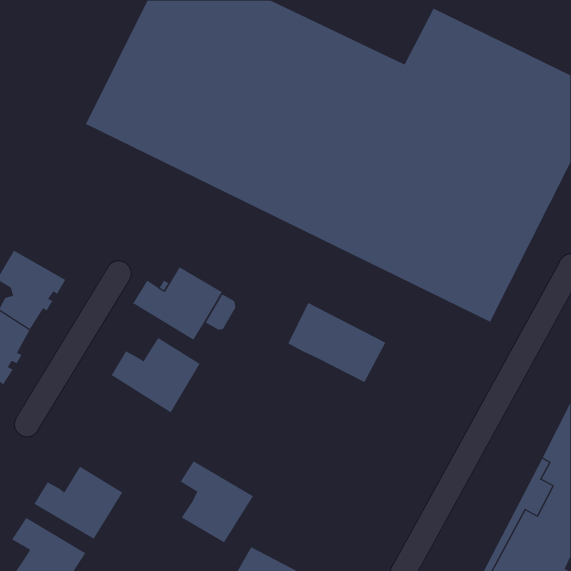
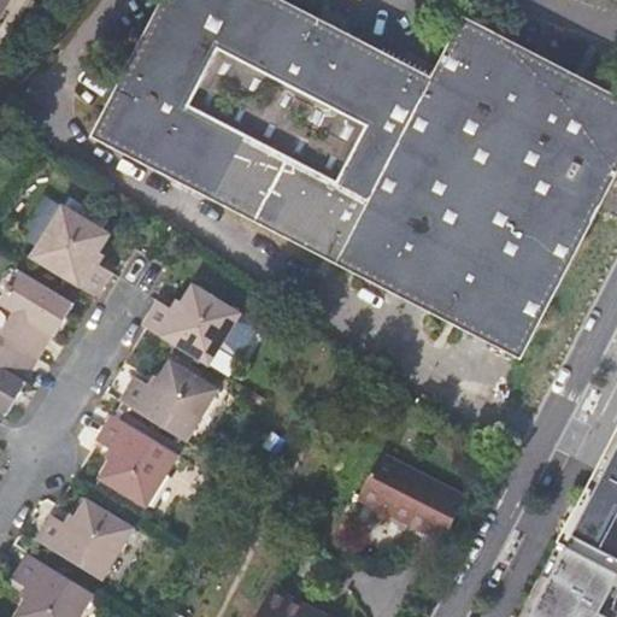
building: none -> [29,205,110,298]
building: [288,302,386,383] -> [358,456,464,542]
building: [180,460,254,543] -> [96,421,176,510]

